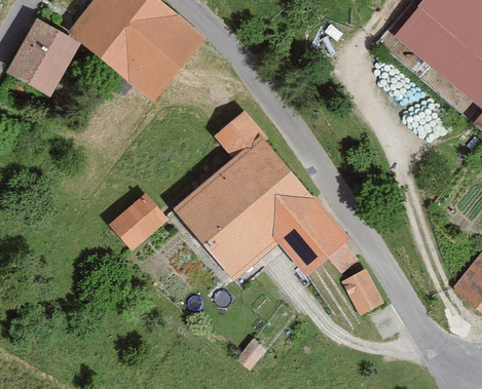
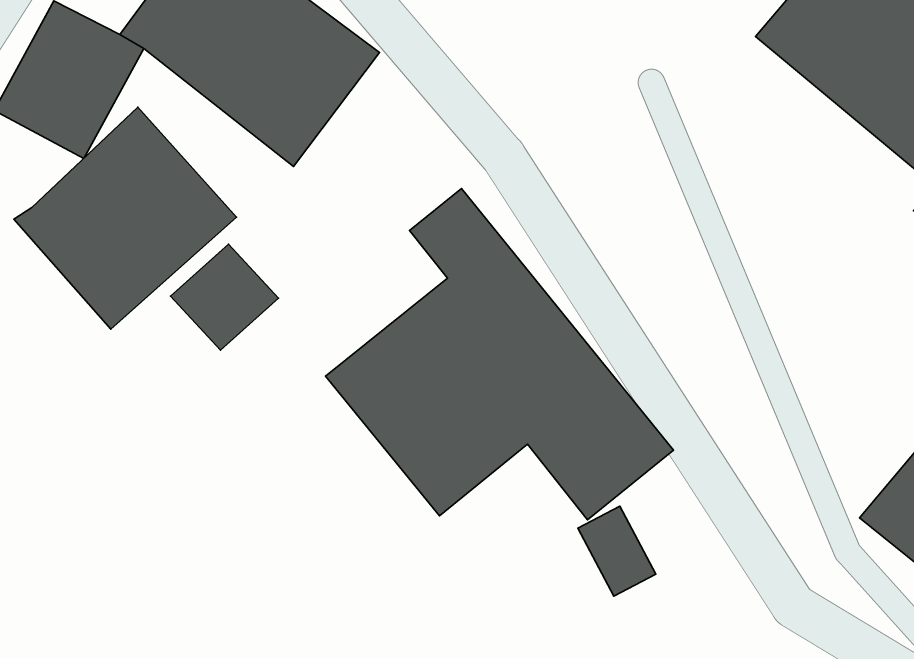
building: none -> [14,107,236,329]
building: [106,193,161,247] -> [171,244,279,350]
building: [343,267,383,313] -> [578,506,656,596]

